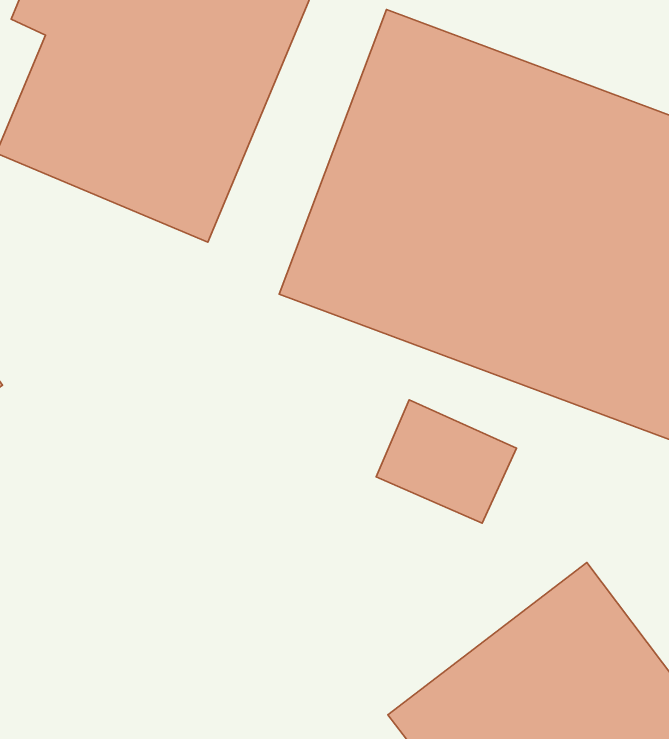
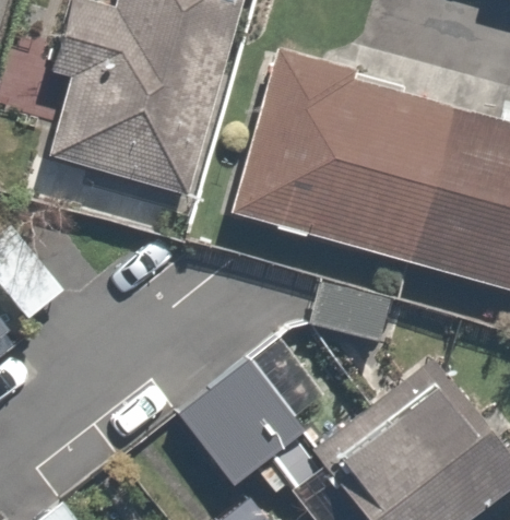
building: none -> [178,356,311,488]

